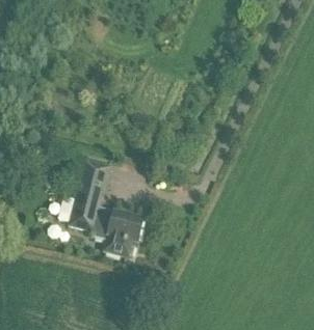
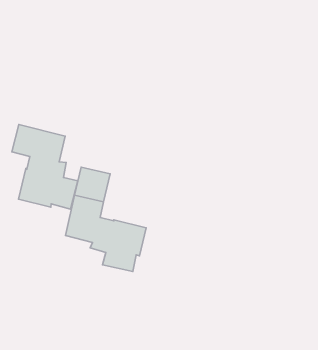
building: none -> [12,124,78,209]

